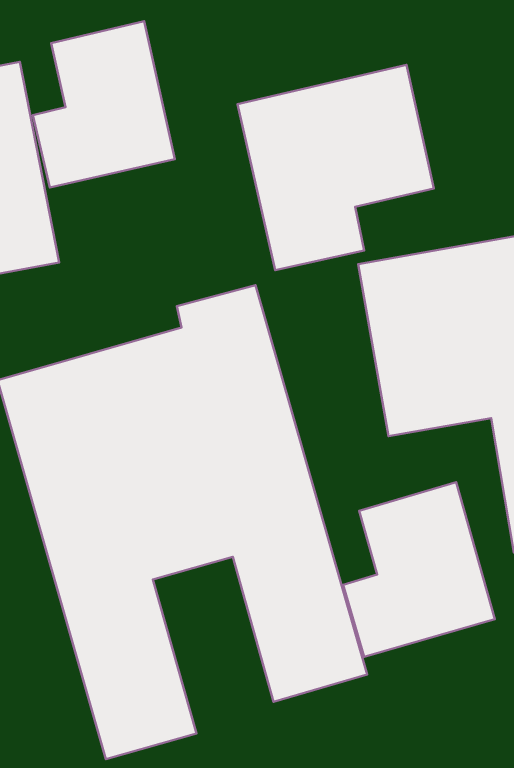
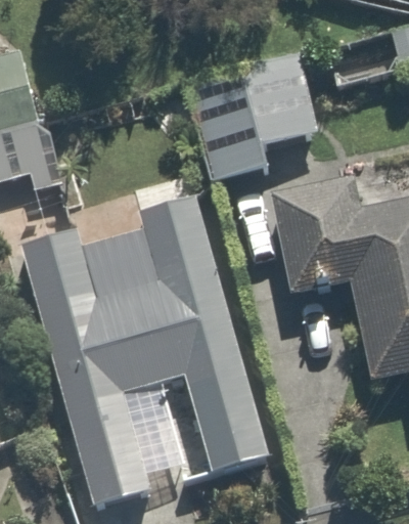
building: [33,21,175,187] -> none
building: [343,482,495,657] -> none

